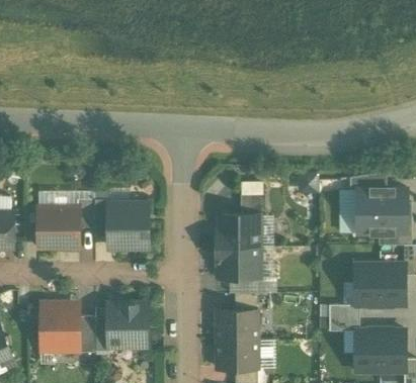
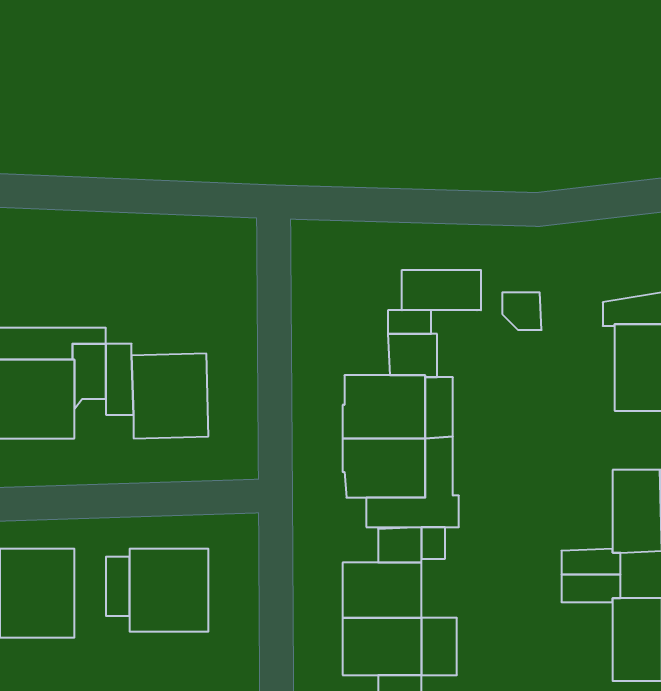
building: none -> [402,270,481,310]
building: [339,191,355,234] -> none
building: [77,317,95,354] -> none

